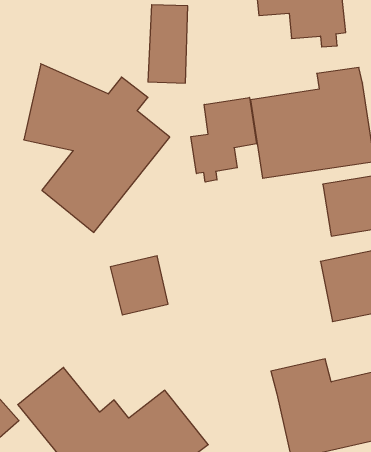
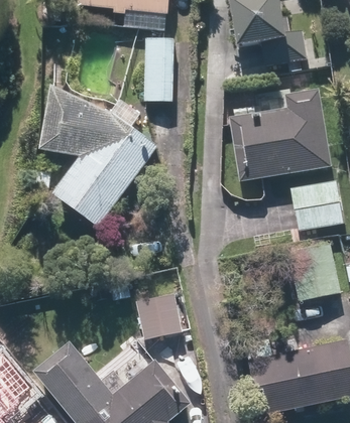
building: [191,97,257,182] -> none
building: [110,256,168,315] -> [135,290,184,339]

